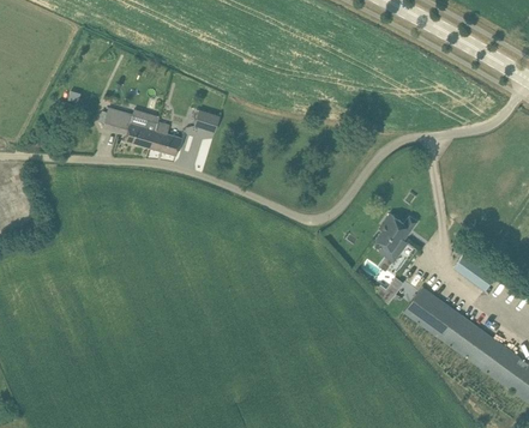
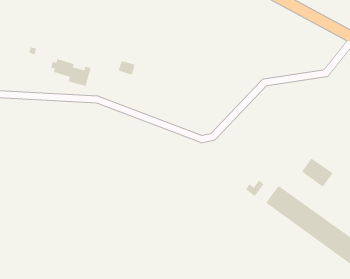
building: [150,121,182,155] -> none
building: [375,213,417,251] -> none

